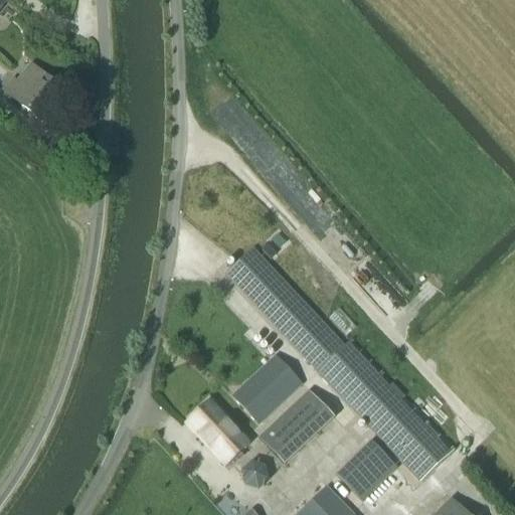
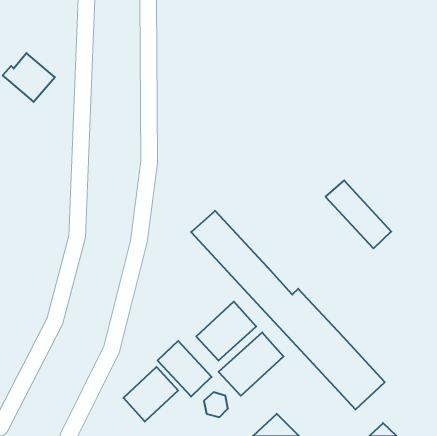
building: none -> [326,180,391,248]
building: none -> [123,367,178,422]
building: [337,442,396,501] -> none

